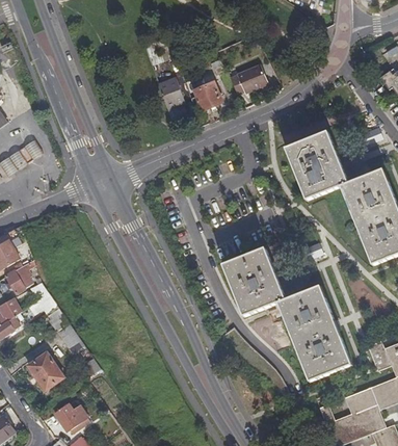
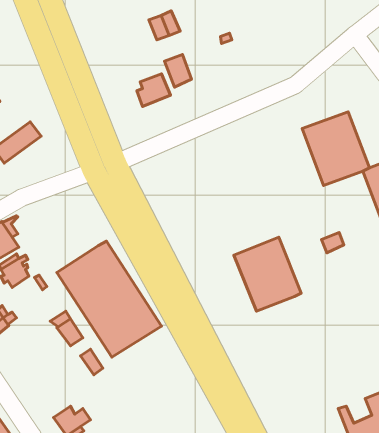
building: [229,62,266,93] -> none
building: [189,81,220,111] -> [137,74,170,106]
building: none -> [57,241,161,357]
building: [277,285,350,379] -> none
building: [28,352,62,390] -> none

